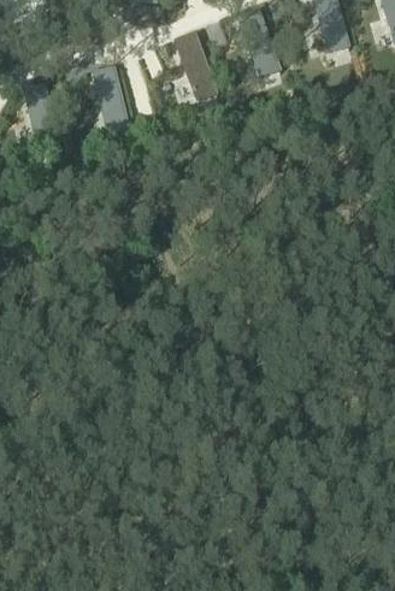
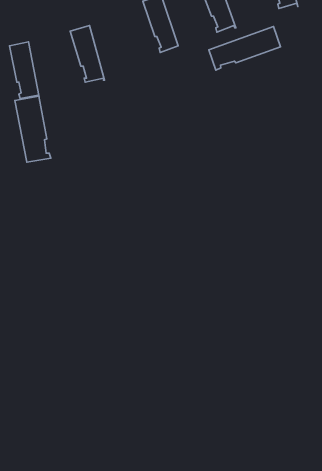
building: none -> [209,27,280,70]
building: none -> [15,96,51,162]

